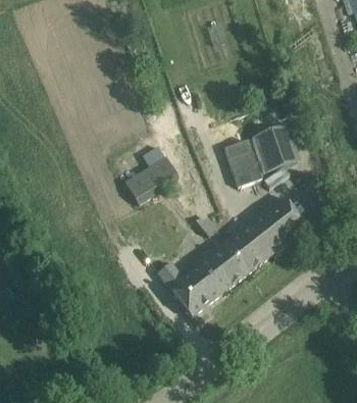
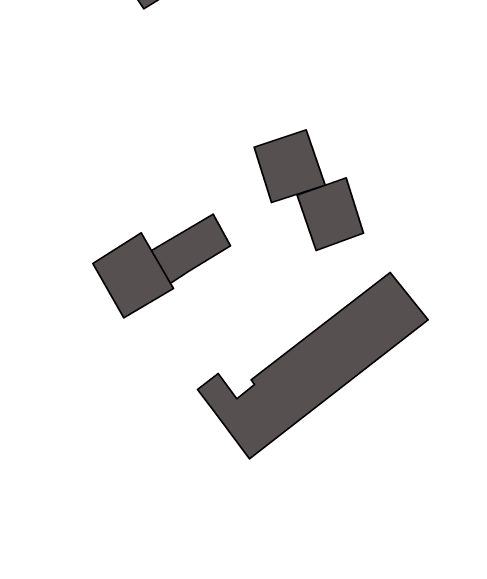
building: [254,123,300,170] -> [254,130,325,203]
building: none -> [93,233,173,318]

